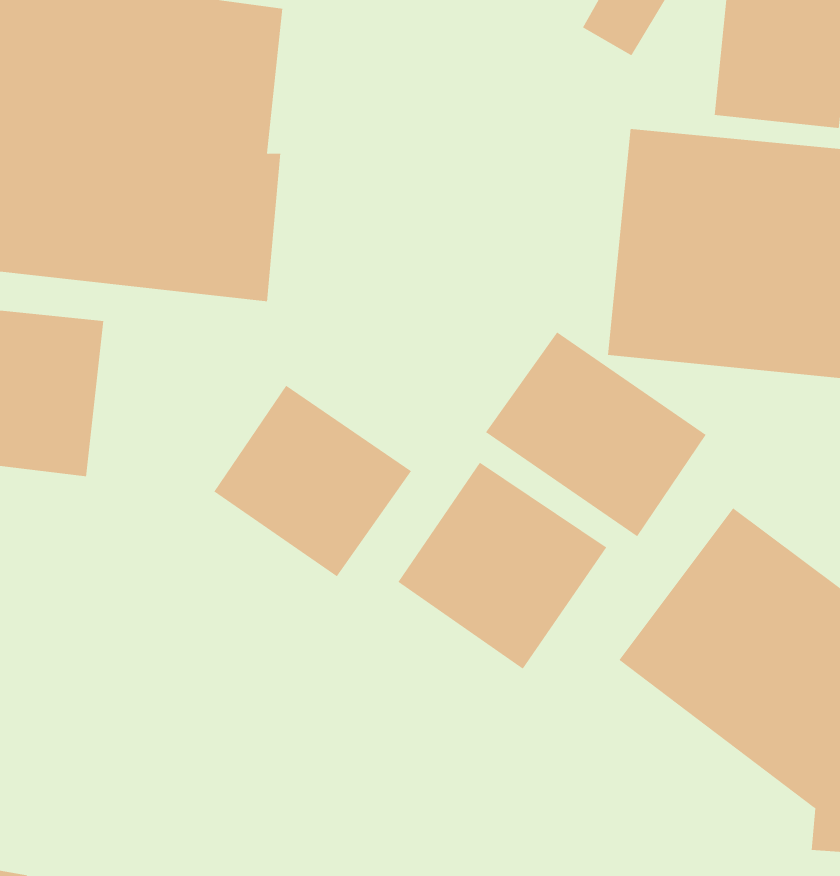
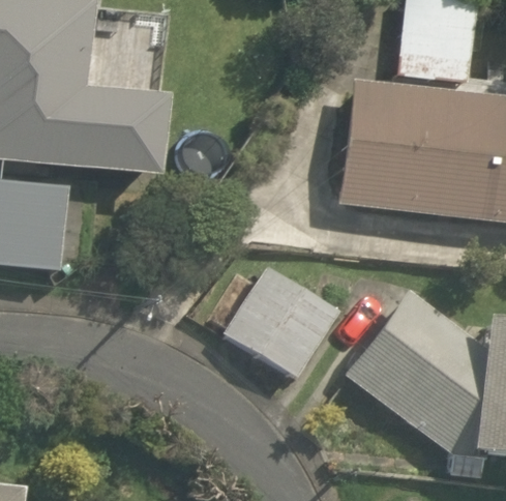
building: [485,331,706,537] -> none
building: [214,385,412,577] -> none

